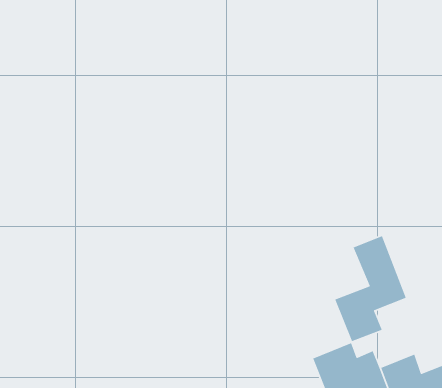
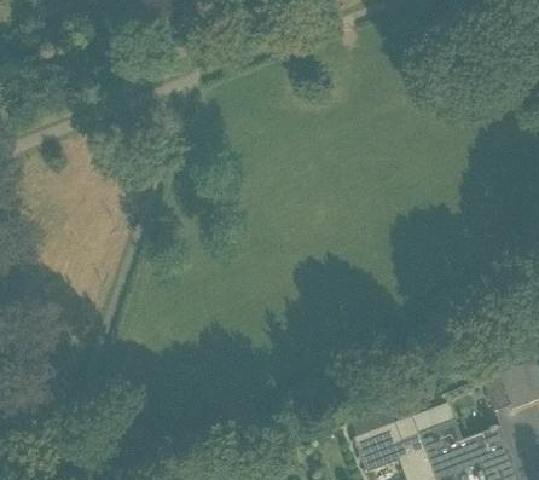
building: [334,235,407,342] -> none

